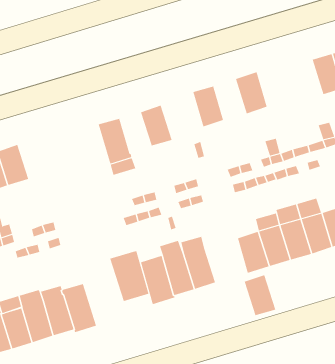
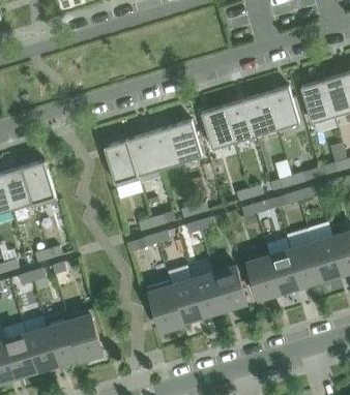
building: none -> [300,81,334,124]
building: none -> [267,87,299,129]
building: none -> [223,100,256,143]
building: none -> [169,121,202,163]
building: none -> [126,134,158,177]
building: none -> [22,161,57,209]
building: [110,250,149,302] -> none
building: [244,274,276,316] -> [213,267,246,309]

